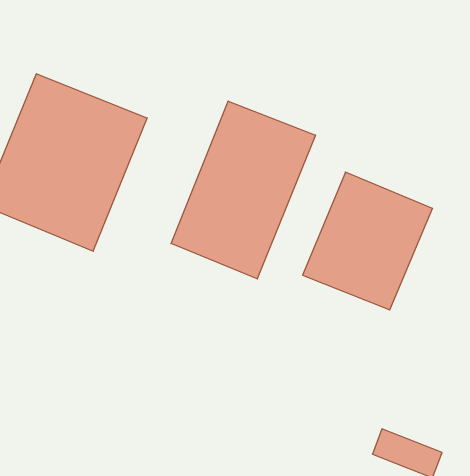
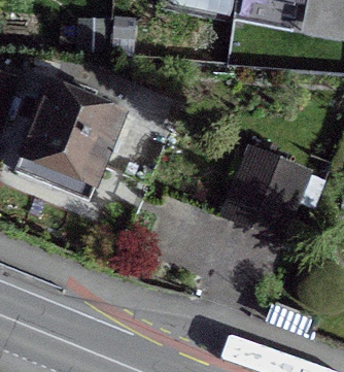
building: [171,101,315,279] -> none

